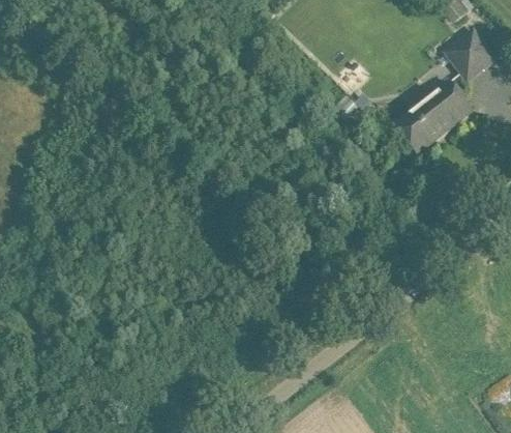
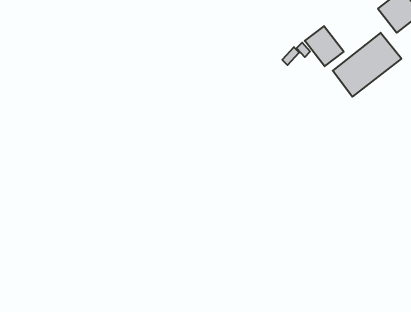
building: none -> [305,26,344,66]

